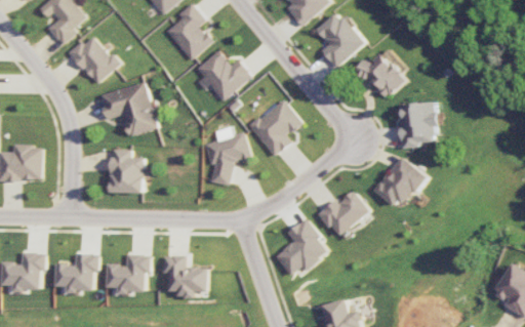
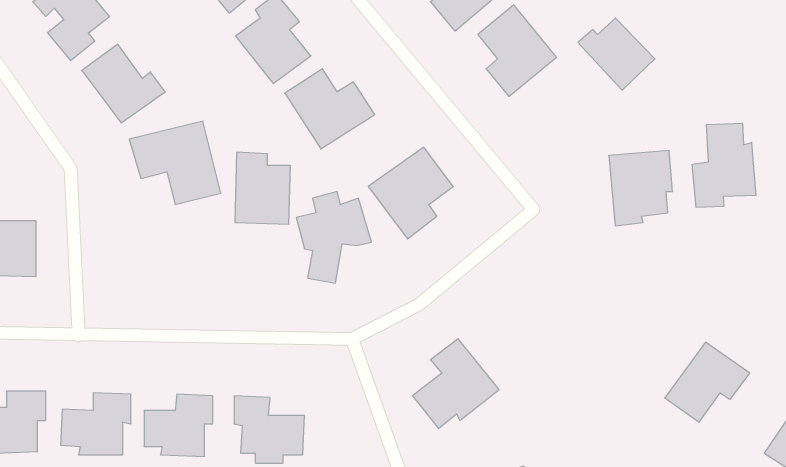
building: [358,53,406,98] -> [578,18,655,90]
building: none -> [692,123,756,207]
building: [108,149,143,194] -> [235,152,291,224]
building: [374,157,428,207] -> [665,342,750,422]
building: [317,191,369,236] -> none

